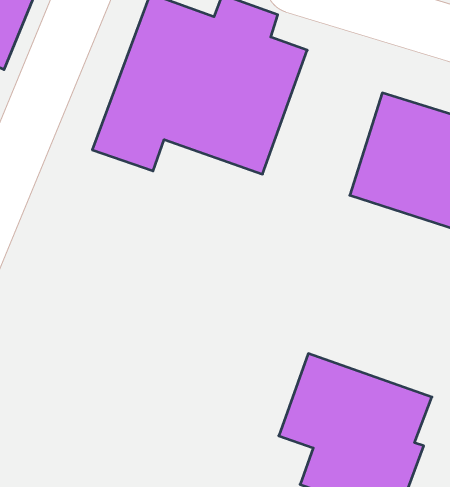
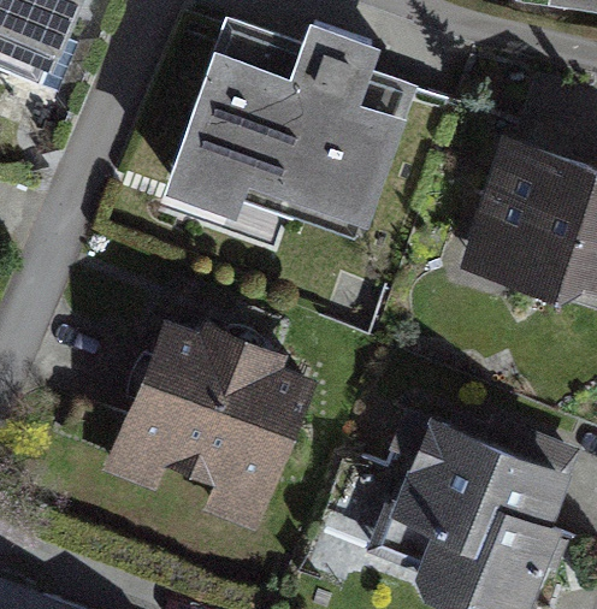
building: none -> [108,333,300,524]

